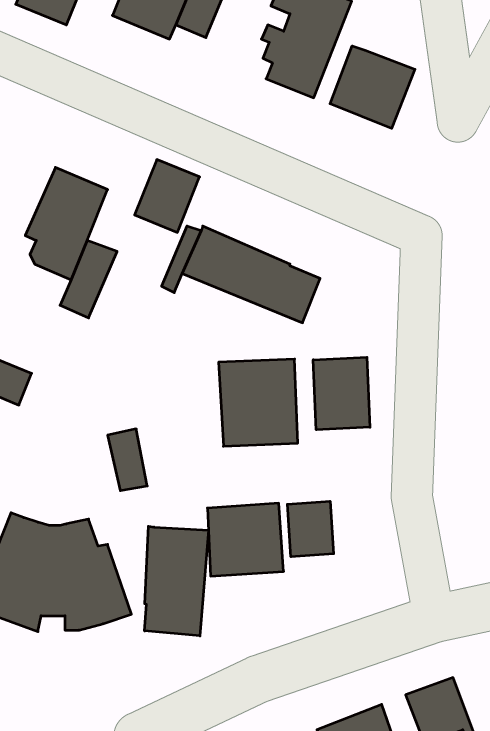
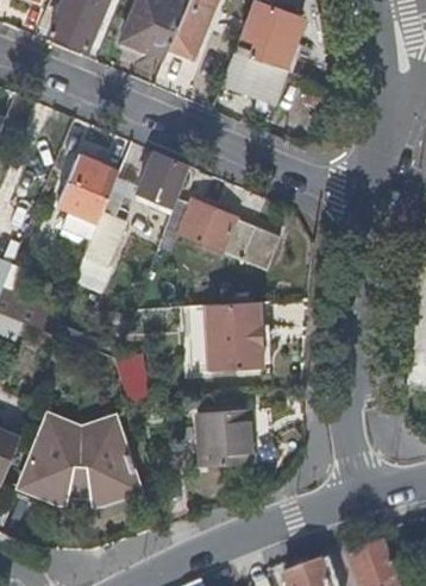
building: [330,46,415,128] -> none
building: [313,357,370,430] -> none
building: [287,501,334,557] -> none
building: [145,526,209,636] -> none

